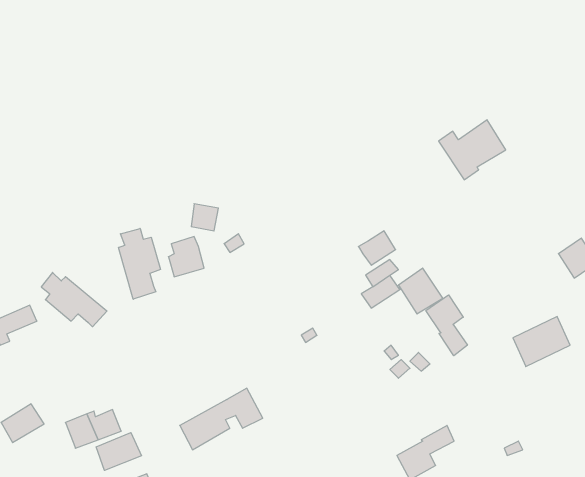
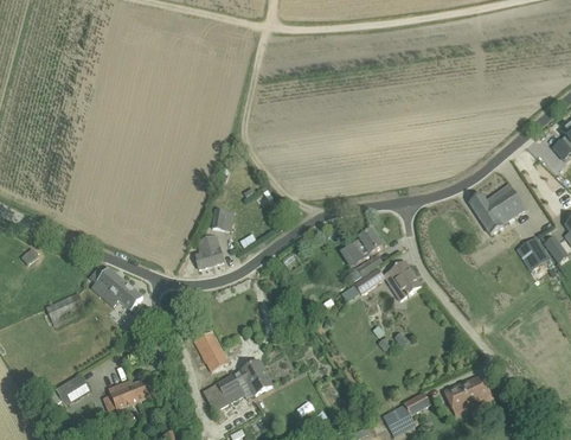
building: [439,120,506,180] -> [469,184,525,234]
building: [119,228,160,299] -> none
building: [426,295,467,356] -> none
building: [513,317,570,367] -> [444,374,492,415]
building: none -> [194,331,227,371]
building: [96,433,141,470] -> none

